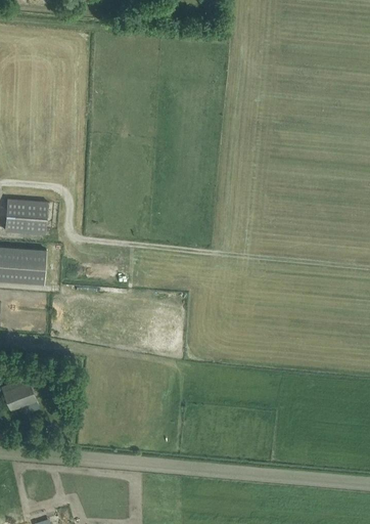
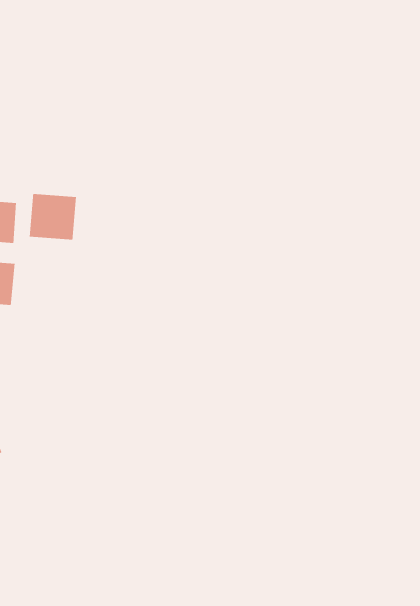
building: none -> [29,193,77,240]

